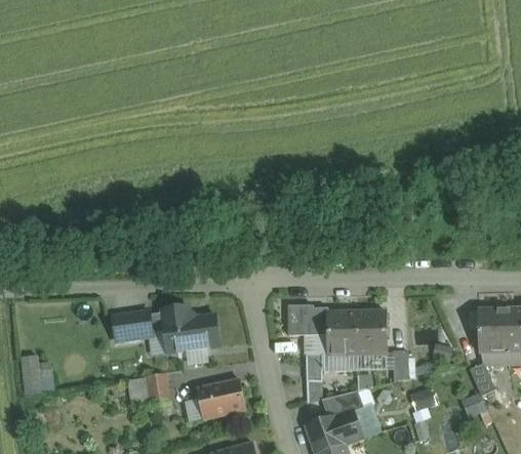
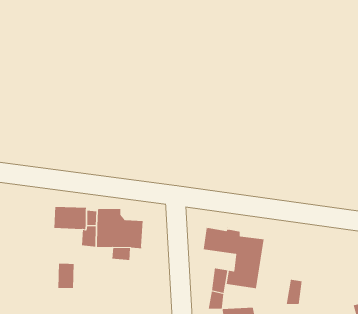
building: [356,312,387,368] -> none
building: [146,373,169,405] -> none
building: [196,379,245,419] -> none

